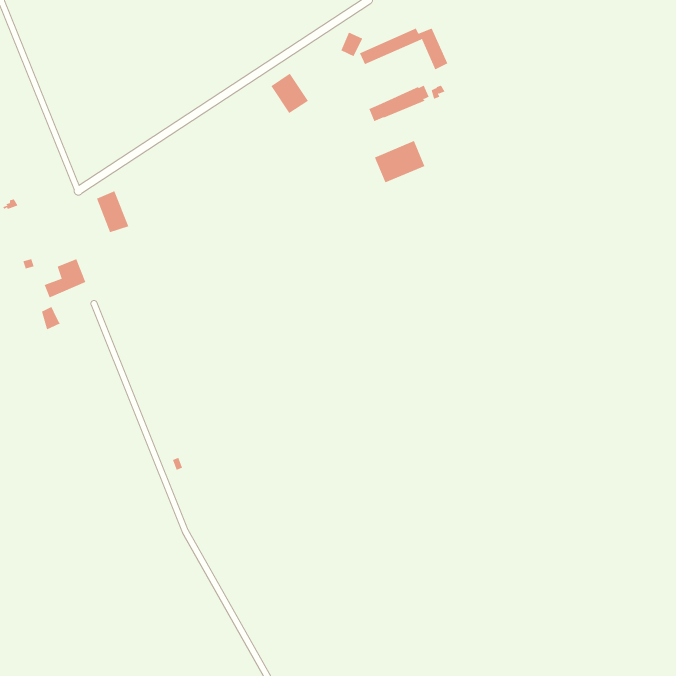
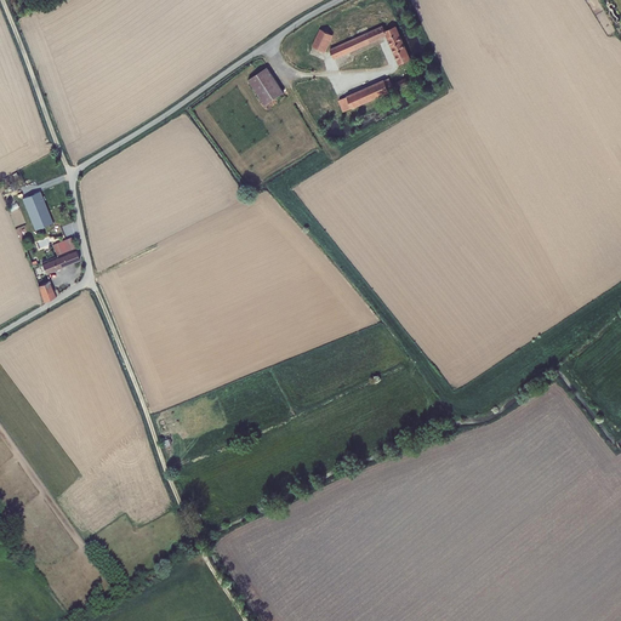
building: [374,140,425,183] -> none
building: [96,191,129,233] -> [22,192,52,230]

